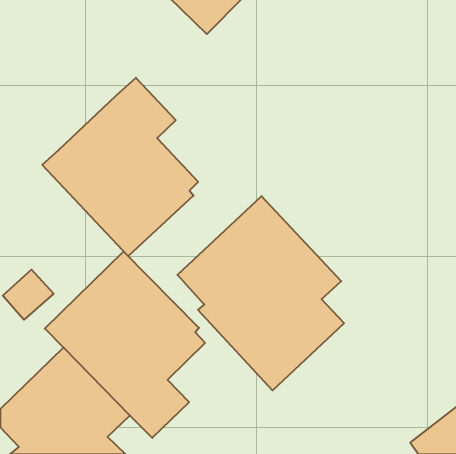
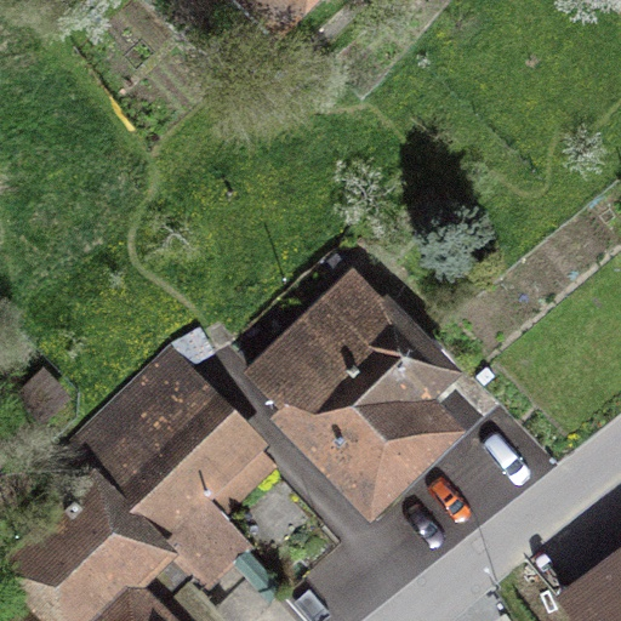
building: [42,78,198,256] -> none

